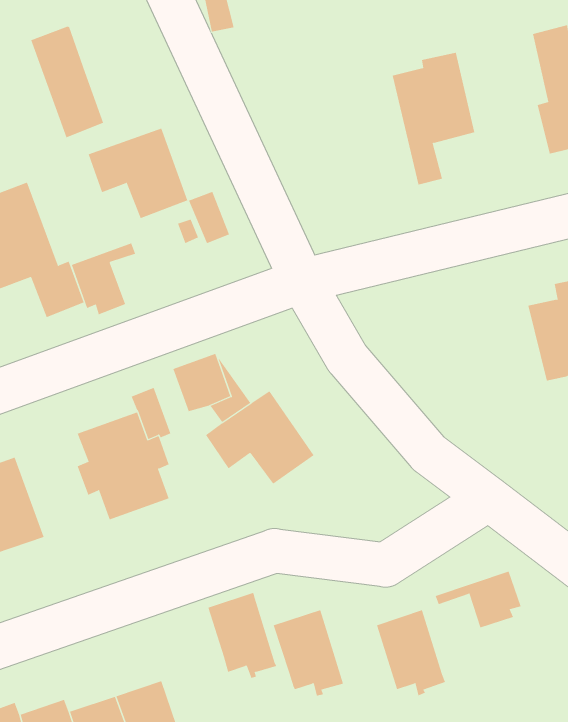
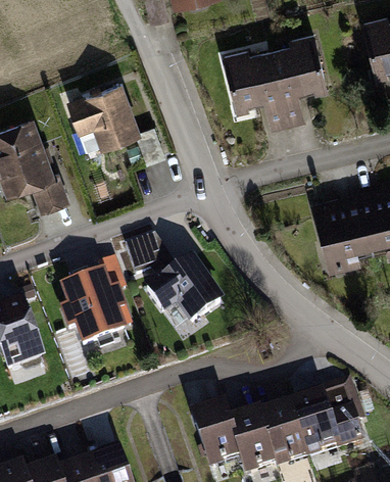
building: [31,26,104,138] -> none
building: none -> [225,51,288,128]
building: [71,243,136,315] -> none
building: none -> [313,199,373,273]
building: [208,592,277,679] -> [229,411,275,468]
building: none -> [291,394,361,451]

